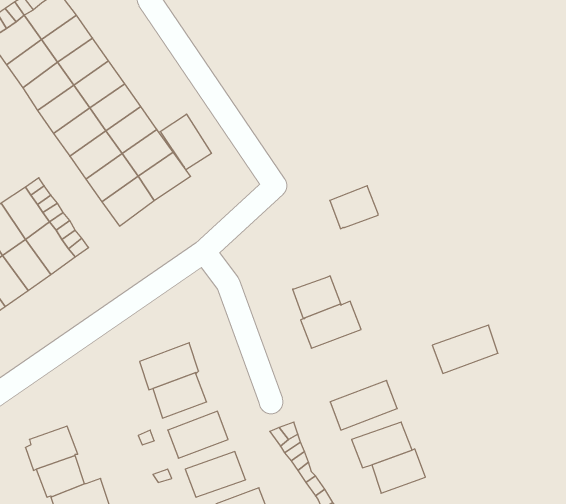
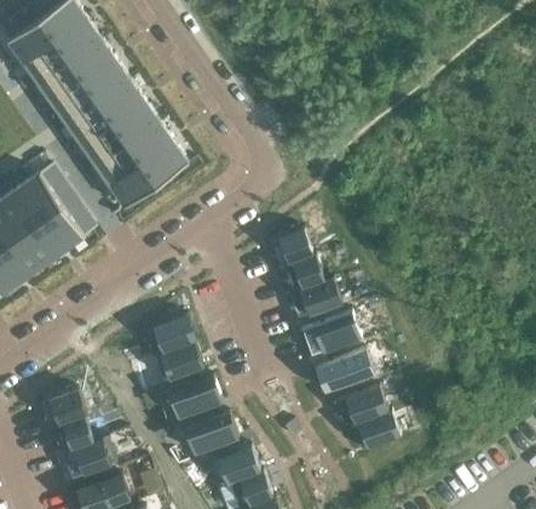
building: [160,114,211,170] -> none
building: [330,186,378,229] -> [270,228,313,267]
building: [432,325,498,373] -> [302,311,362,355]

